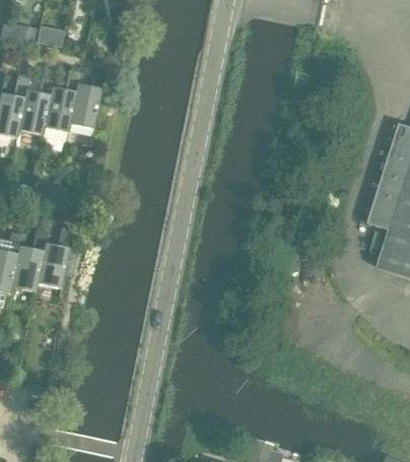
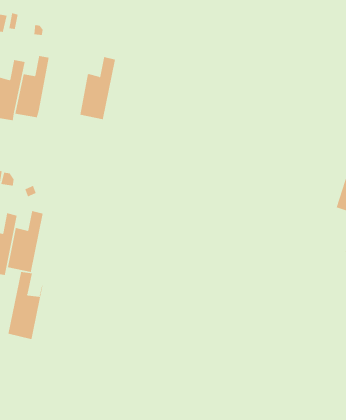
building: [69,66,106,130] -> [80,56,116,120]
building: none -> [8,271,43,347]

